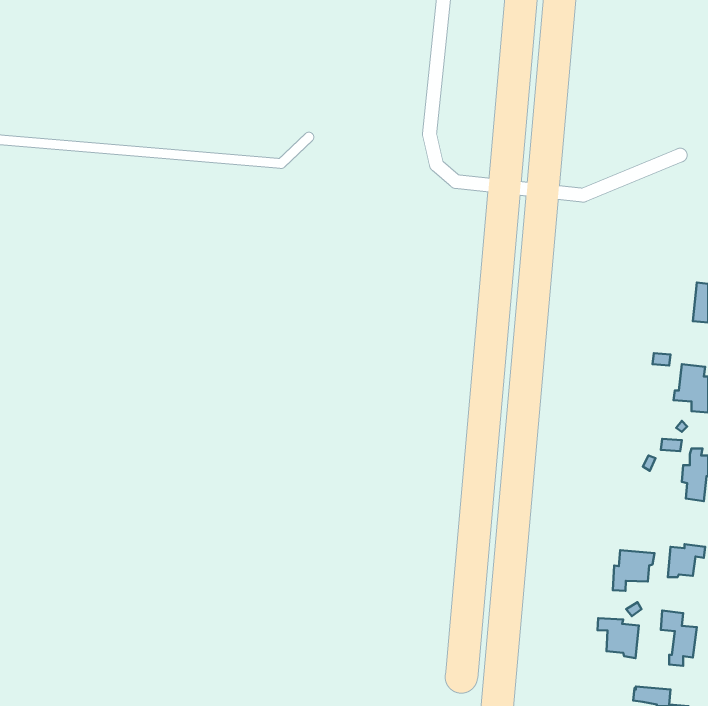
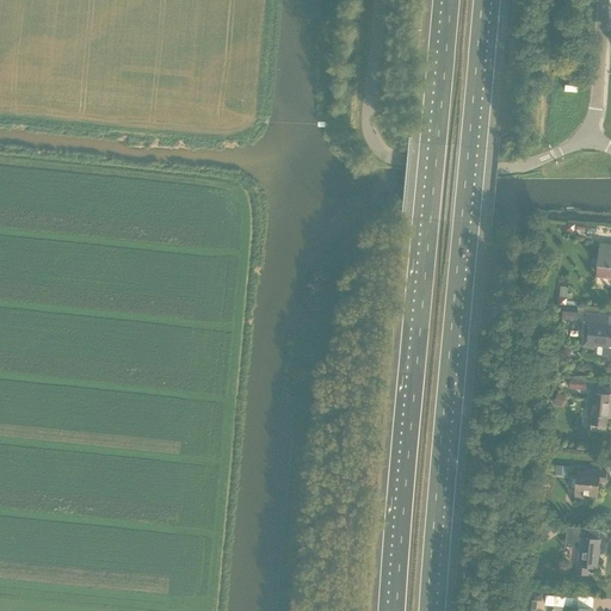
building: [613,550,655,591] -> none
building: [597,618,639,658] -> none

